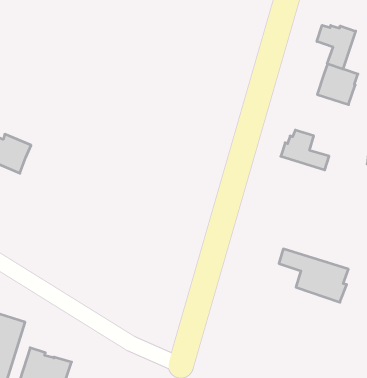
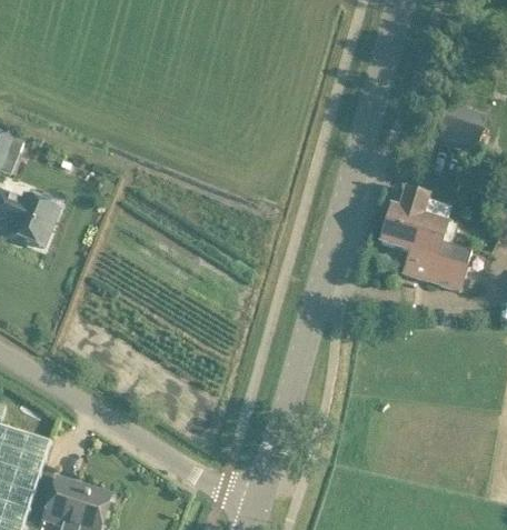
building: [317,25,356,69] -> none
building: [279,249,348,302] -> [380,222,471,292]

